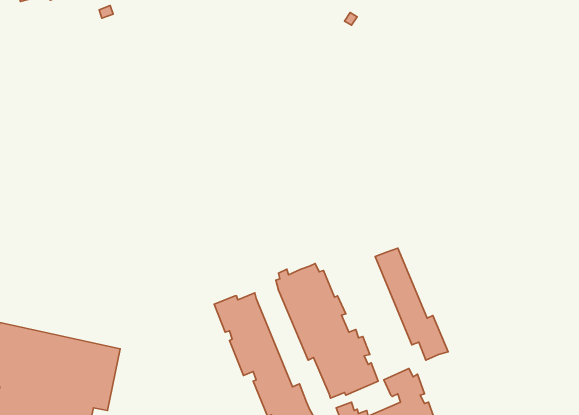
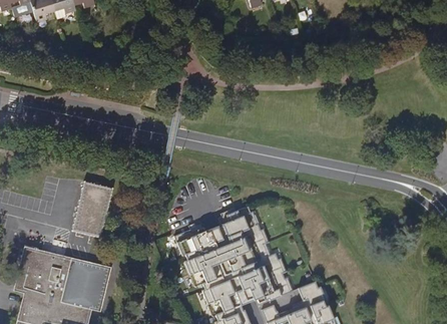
building: none -> [69,181,108,238]
building: [375,248,448,360] -> [205,225,258,305]

